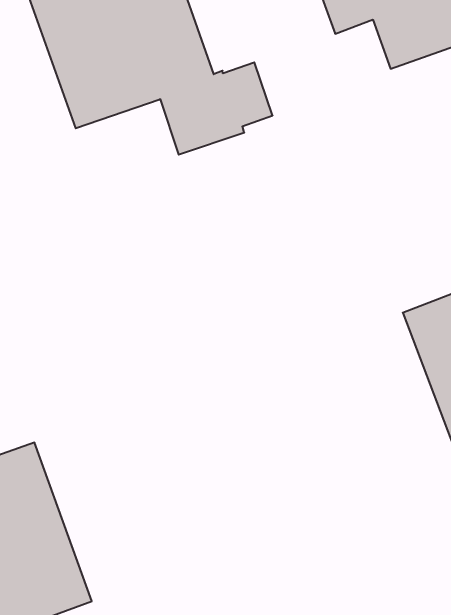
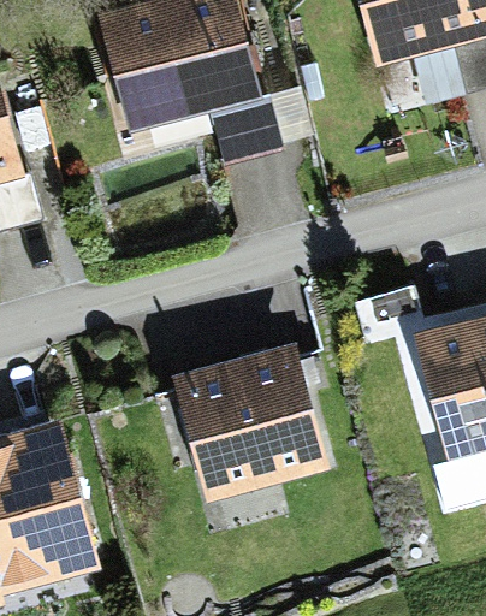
building: none -> [172,338,330,502]

